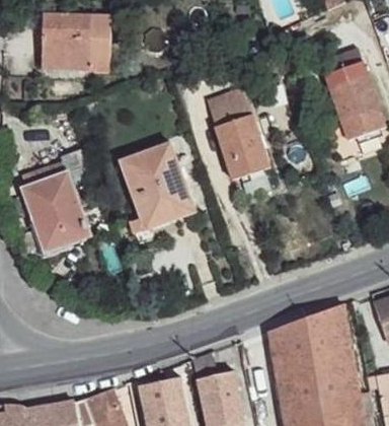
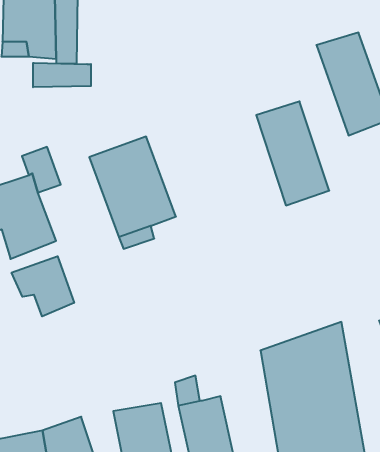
building: none -> [33,63,91,87]
building: [205,86,269,179] -> [256,101,329,205]
building: none -> [12,256,74,316]

